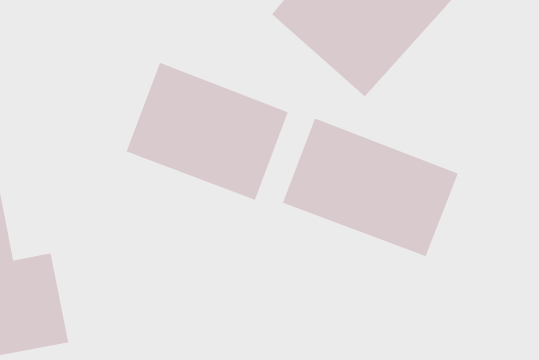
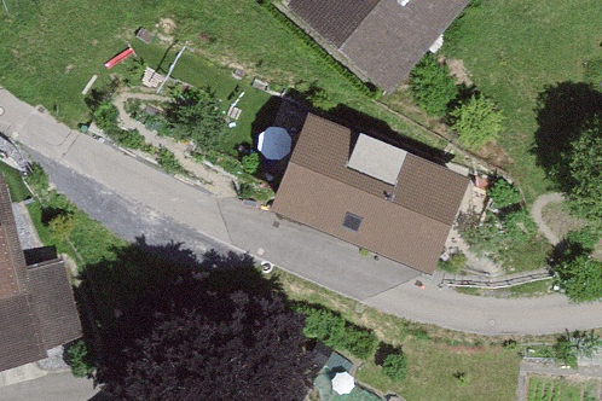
building: [125,62,289,201] -> none

